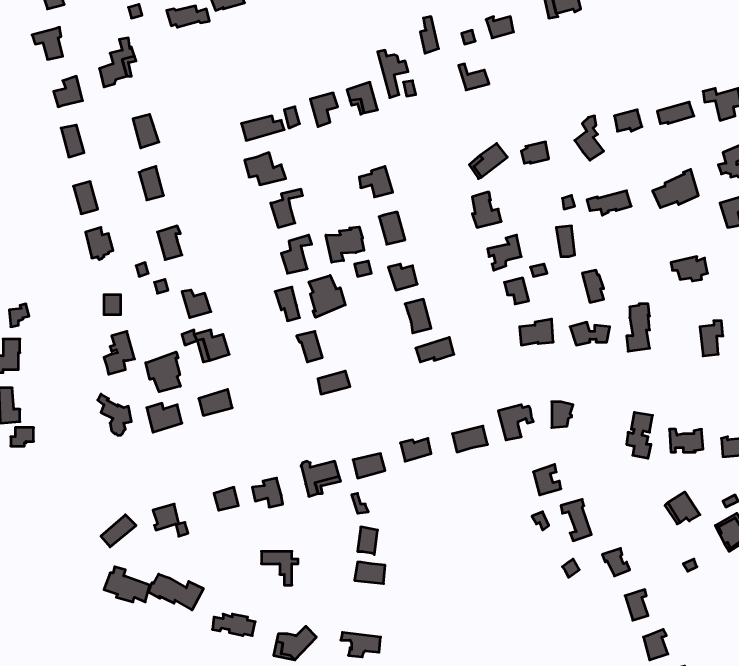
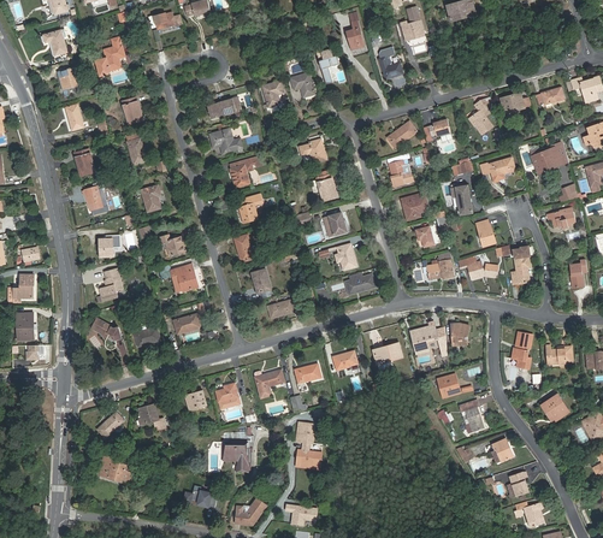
building: [326,227,364,262] -> none
building: [309,275,345,317] -> none
building: [146,352,180,392] -> none
building: [149,574,203,610] -> none

